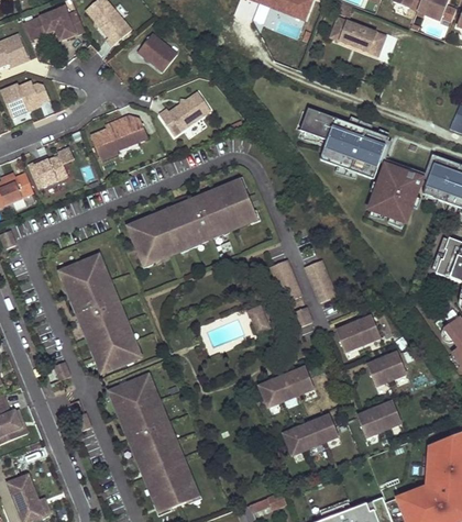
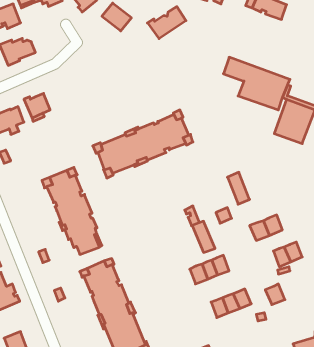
building: [158,91,210,134] -> [147,7,186,39]
building: [90,115,147,159] -> none
building: [271,259,301,301] -> [192,221,215,252]
building: [374,402,400,430] -> none

